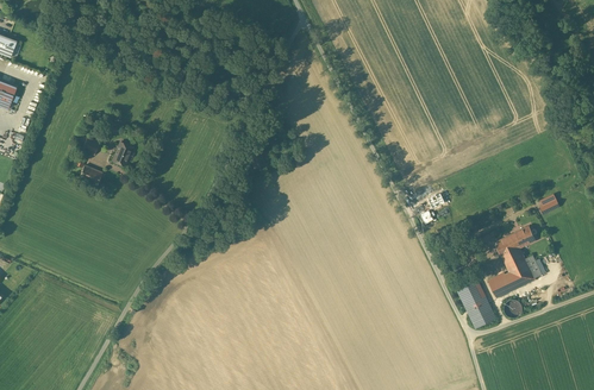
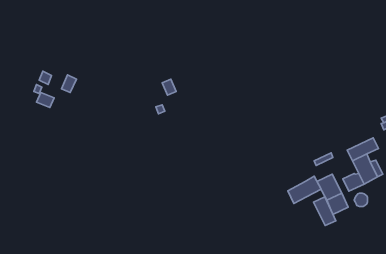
building: none -> [288,176,321,204]
building: none -> [313,197,336,225]

